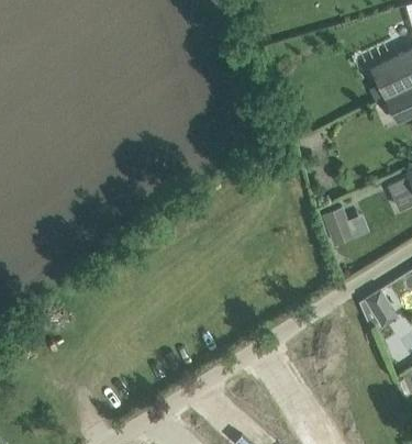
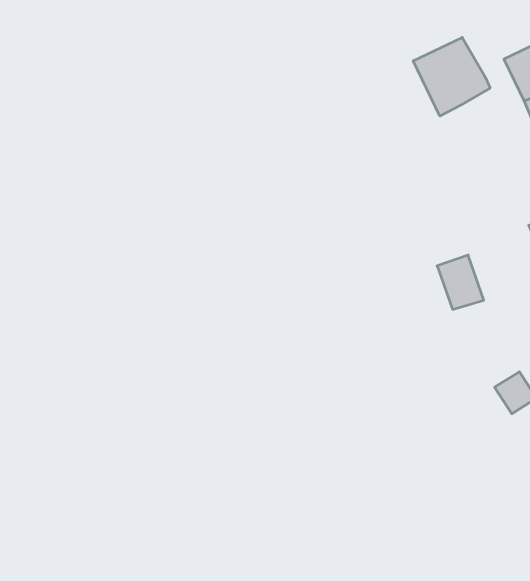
building: none -> [413,37,490,116]

